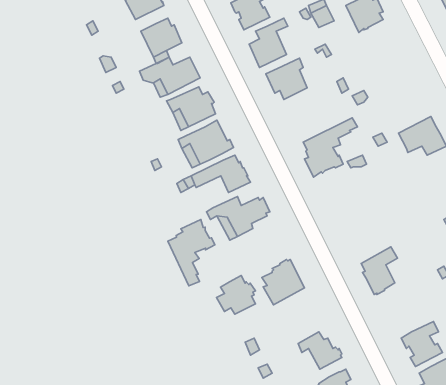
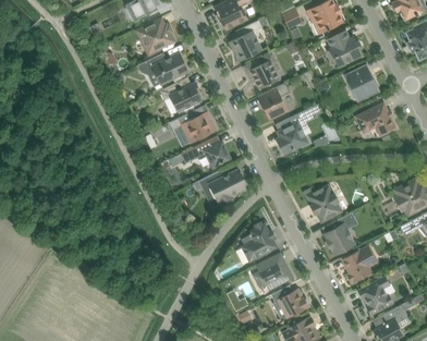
building: none -> [327,29,363,64]
building: none -> [344,64,380,102]
building: none -> [258,82,290,121]
building: none -> [303,184,342,222]
building: [168,219,215,286] -> none
building: [217,275,255,314] -> [254,256,286,289]
building: none -> [342,244,376,282]

